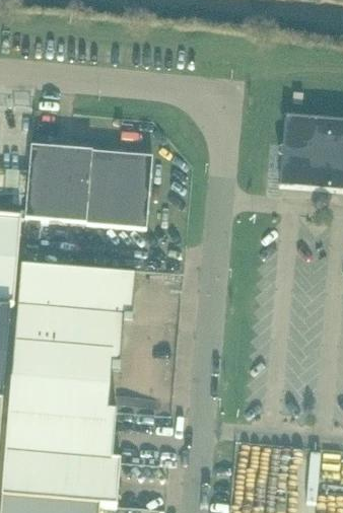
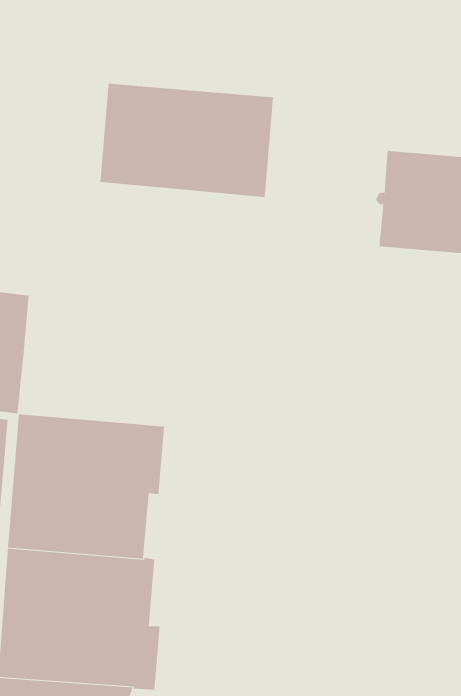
building: [25,141,152,224] -> [100,83,274,197]
building: [17,261,136,311] -> none

